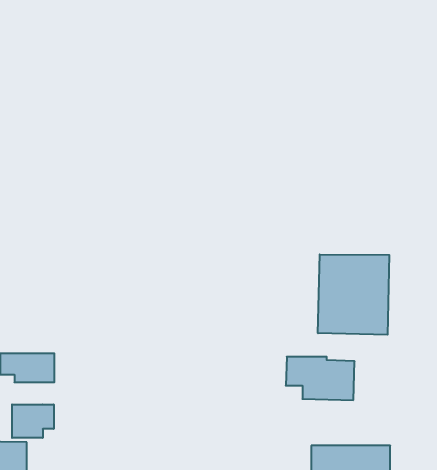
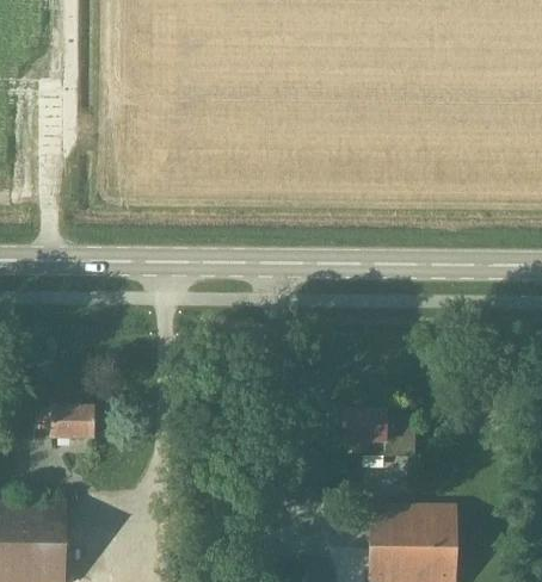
building: [318,254,389,335] -> none
building: [12,404,54,438] -> none

